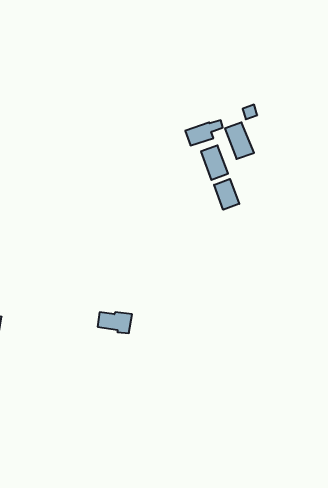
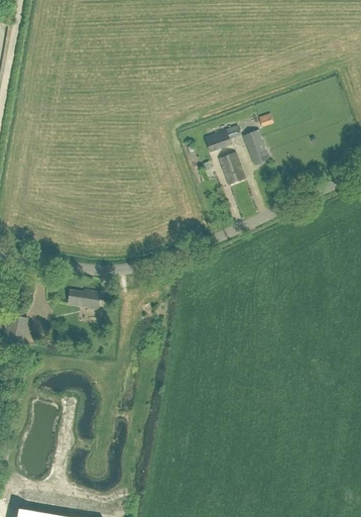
building: [214,179,239,210] -> none
building: [98,312,132,333] -> [67,289,100,309]

